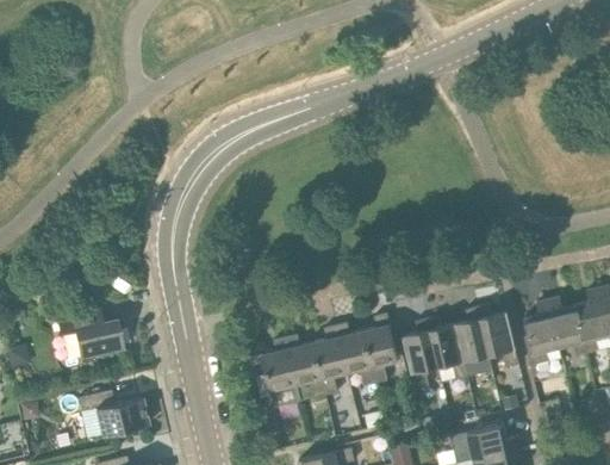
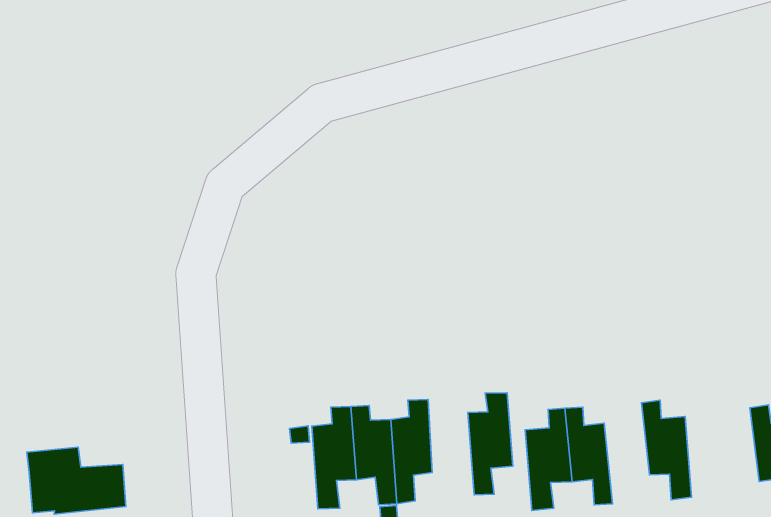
building: [523,302,560,366] -> none
building: [453,309,487,378] -> none
building: [56,310,123,360] -> none
building: [335,324,374,389] -> none

